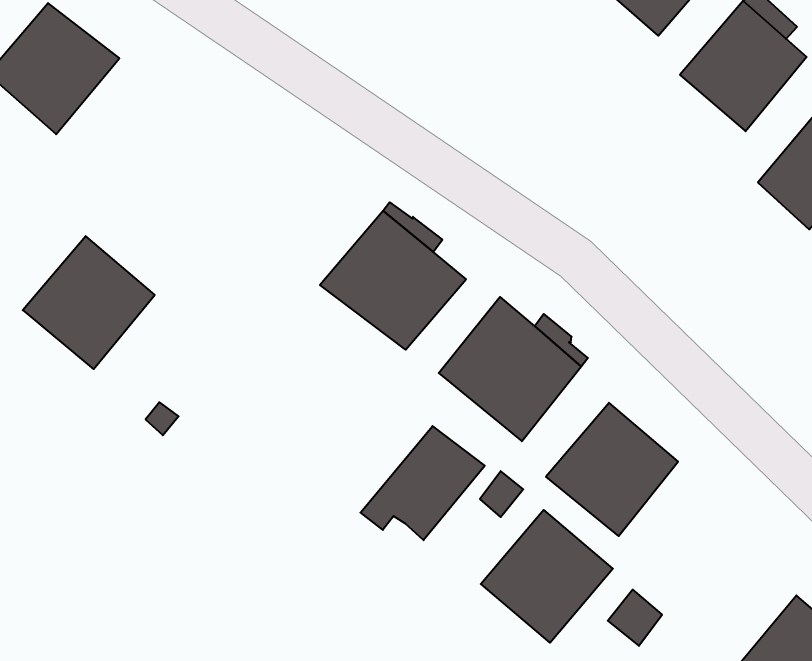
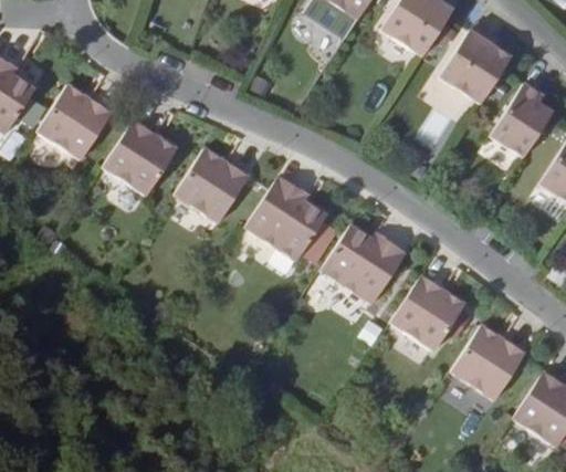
building: none -> [174,147,250,223]
building: [23,236,155,369] -> [103,118,178,195]
building: [360,426,485,540] -> none
building: [481,510,613,643] -> [451,325,526,401]

